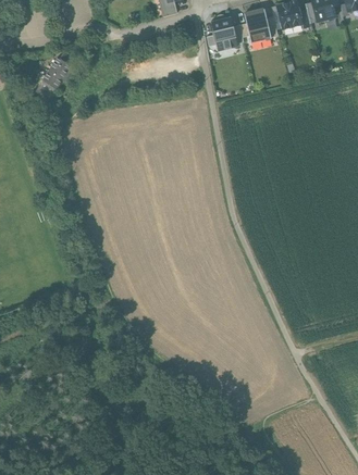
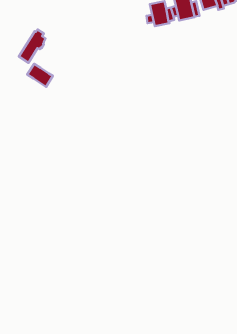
building: none -> [27,64,53,87]

